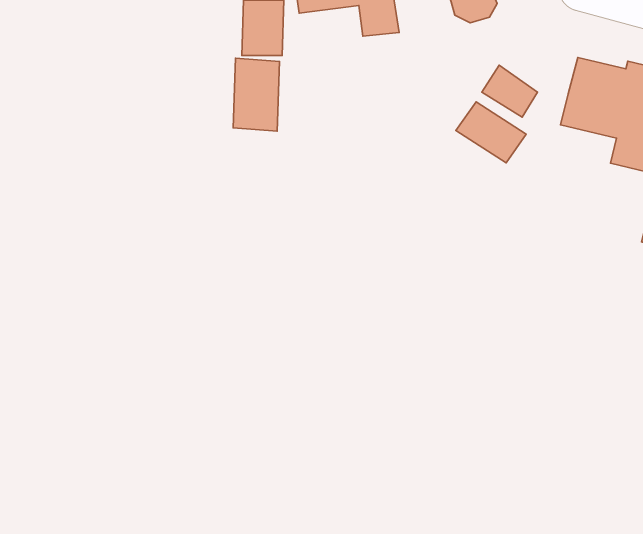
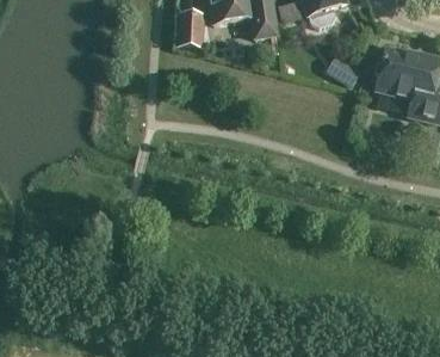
building: [233,58,280,131] -> none
building: [456,102,526,163] -> none

